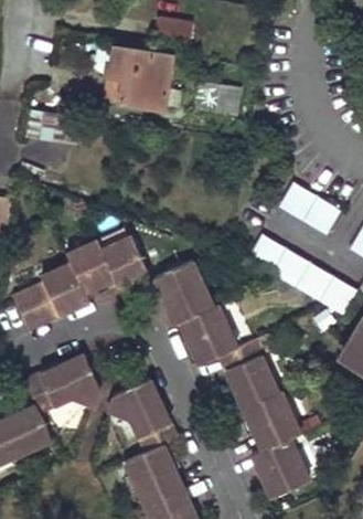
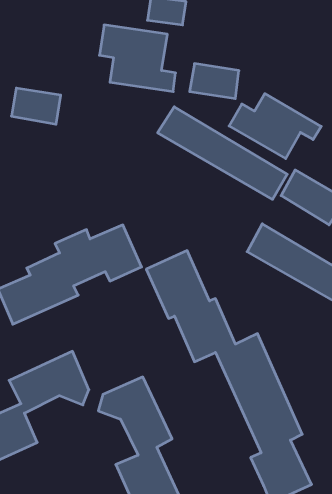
building: none -> [229,94,321,159]
building: none -> [158,107,287,199]

